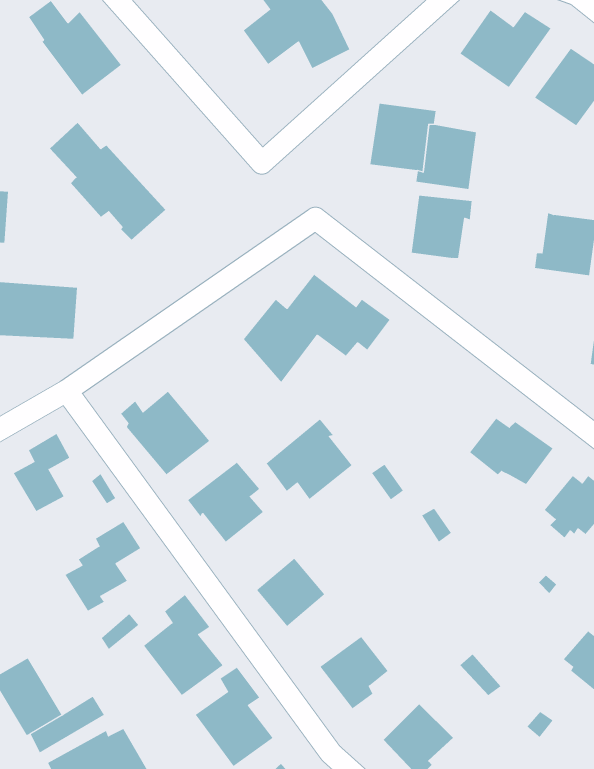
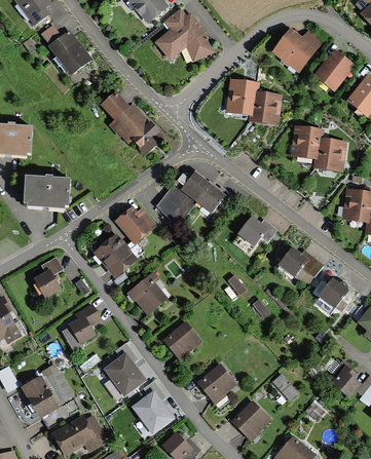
building: [49,122,166,241] -> [101,90,163,154]
building: [411,195,472,258] -> [291,125,324,159]
building: none -> [115,205,156,243]
building: none -> [233,216,276,252]
building: [266,418,352,500] -> none
building: none -> [41,364,73,403]

